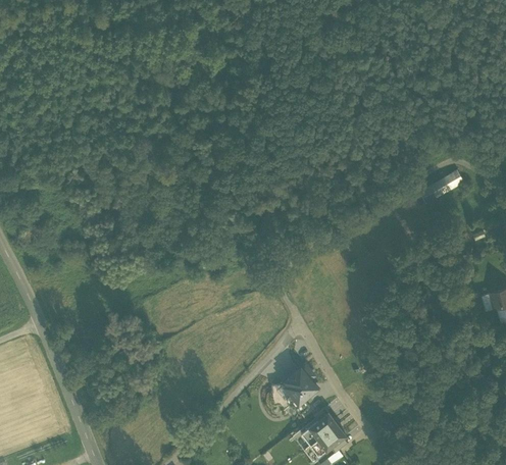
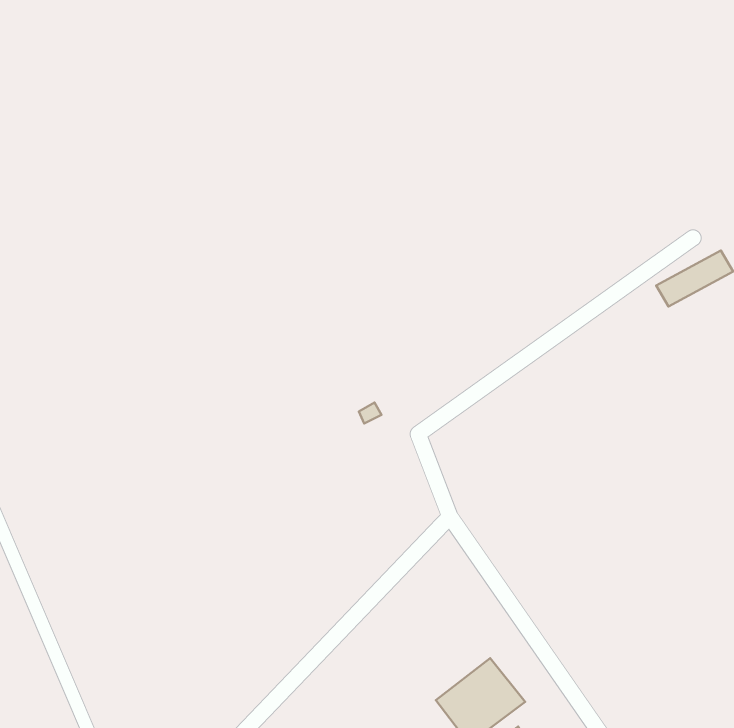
building: [281,365,319,406] -> none

